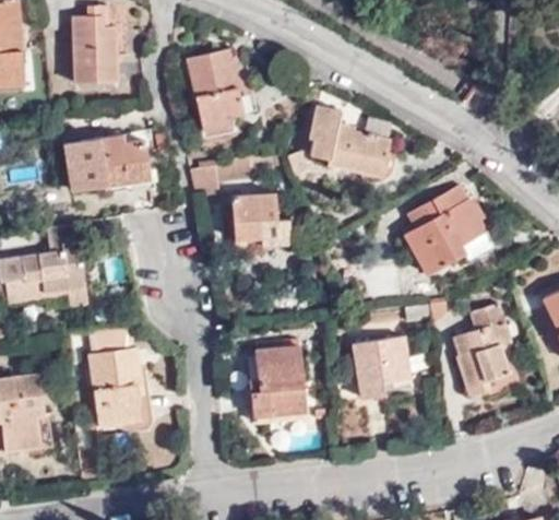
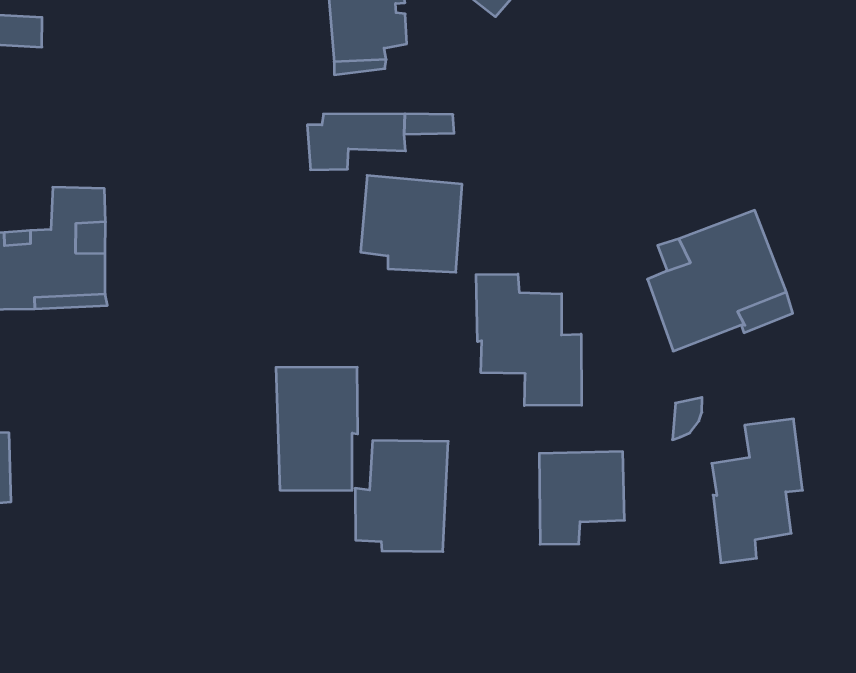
building: [309,106,388,176] -> none
building: [62,131,147,191] -> none
building: none -> [476,274,582,406]
building: [90,347,144,426] -> [276,367,358,490]

